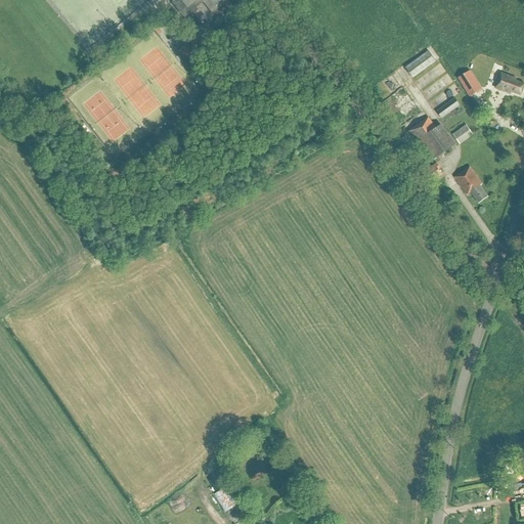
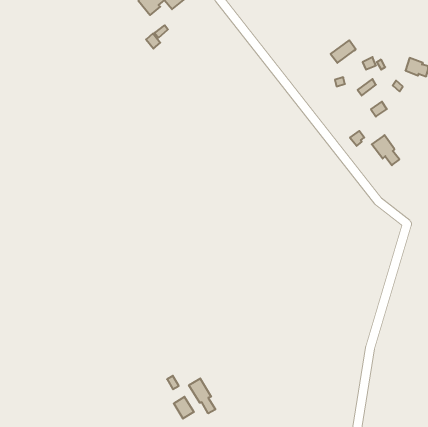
building: [408,116,454,161] -> none
building: none -> [189,378,215,413]

